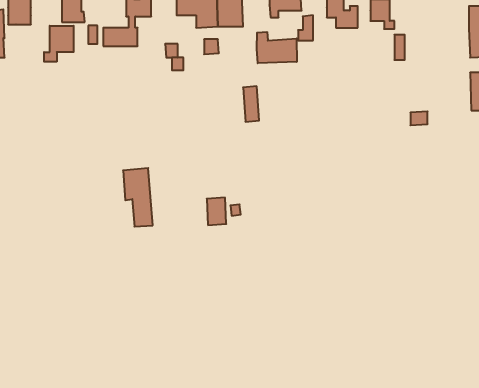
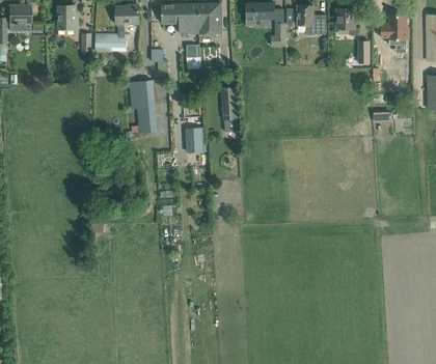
building: none -> [380,15,406,45]
building: [44,26,74,62] -> none
building: [257,32,297,63] -> none
building: [123,168,153,227] -> [129,80,156,133]
building: [207,198,226,225] -> [185,128,202,152]

